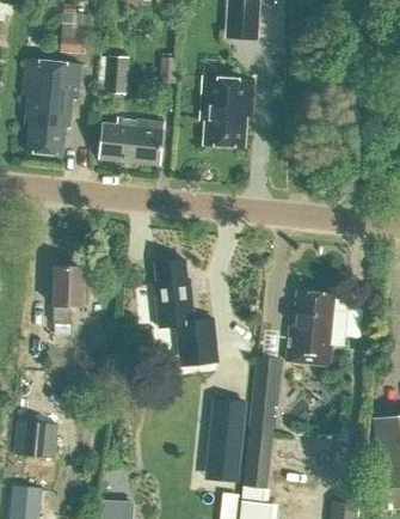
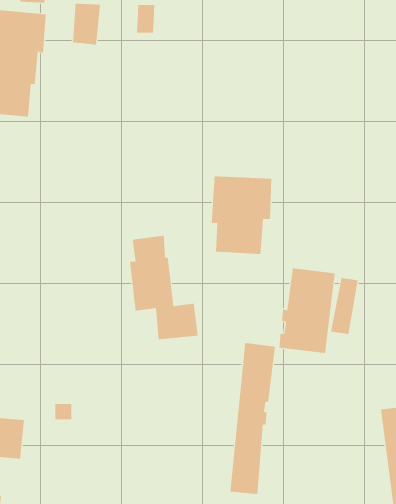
building: [201,77,254,146] -> [211,176,272,255]
building: [100,117,165,164] -> none
building: [53,265,84,323] -> none
building: [208,398,246,480] -> none

